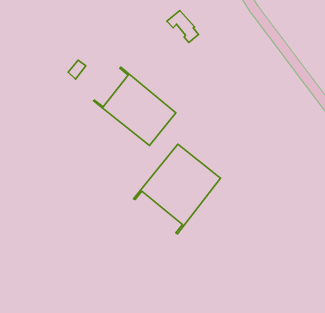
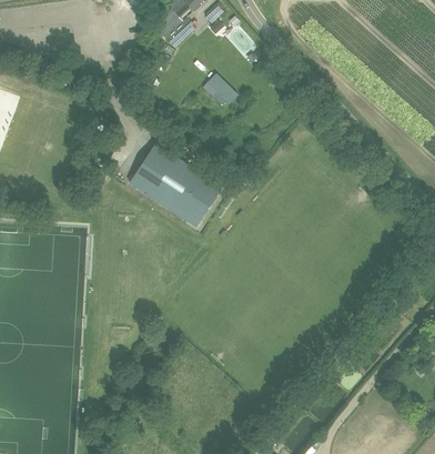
building: [134,144,220,234] -> none

